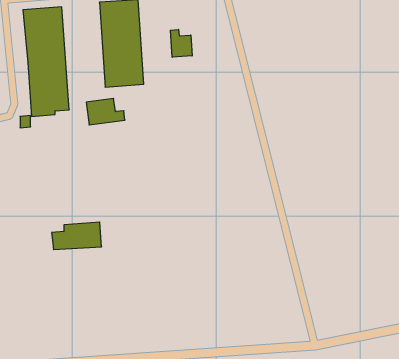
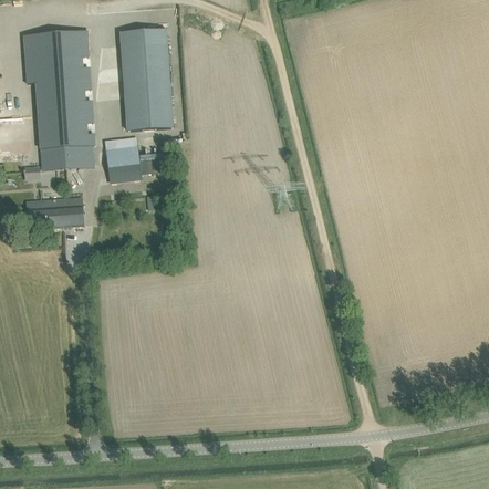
building: [170,29,192,57] -> none
building: [52,222,102,250] -> [25,196,84,228]

